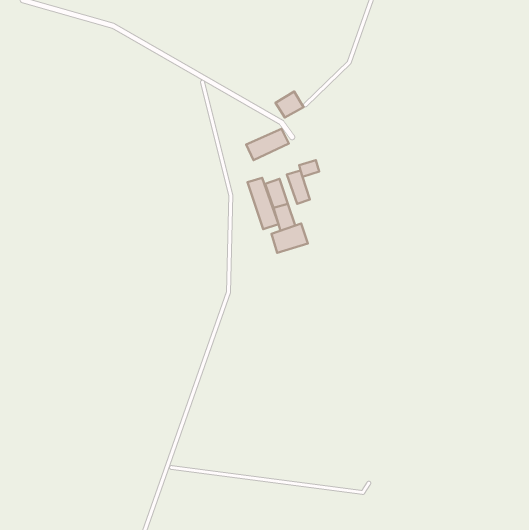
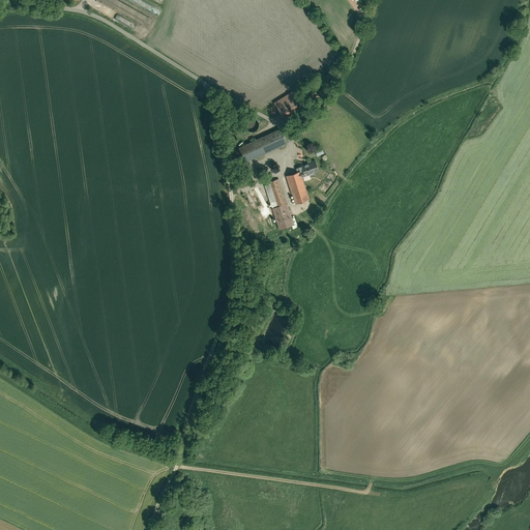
building: [248,178,279,229] -> none
building: [272,223,308,253] -> none

